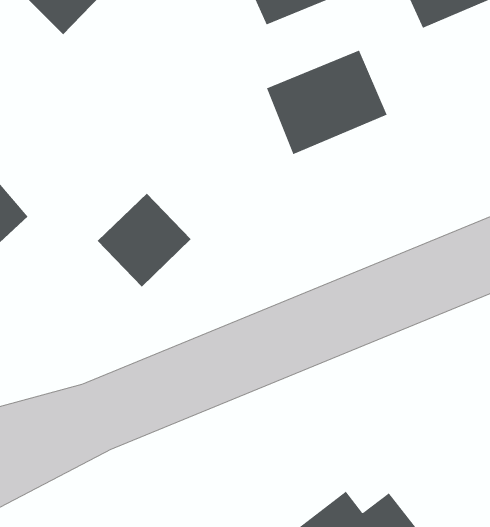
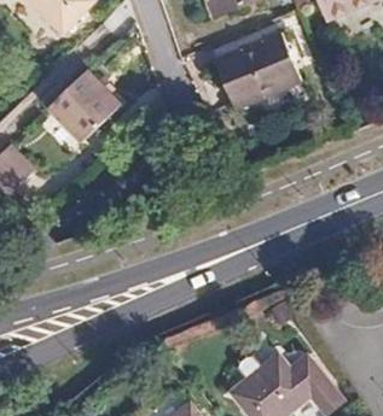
building: [97,193,192,288] -> [59,59,128,128]

